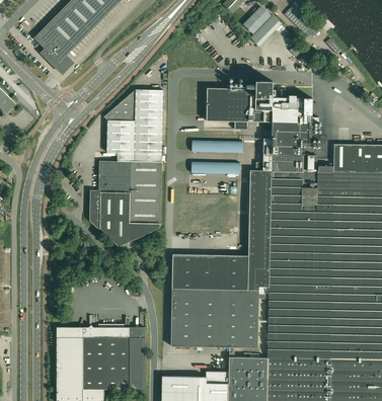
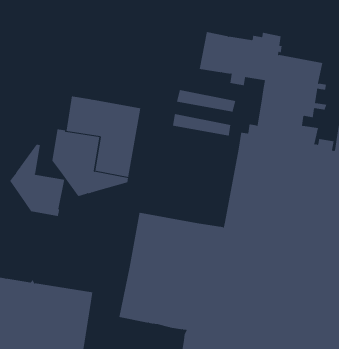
building: [103,90,162,162] -> none
building: none -> [10,144,65,217]

